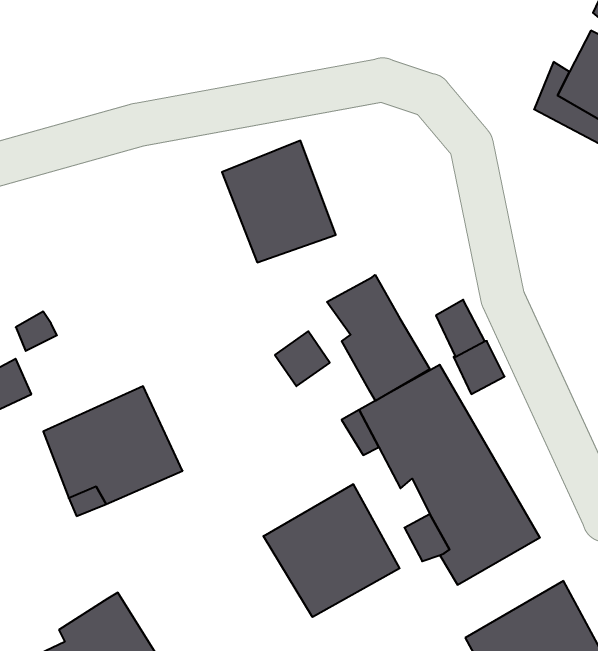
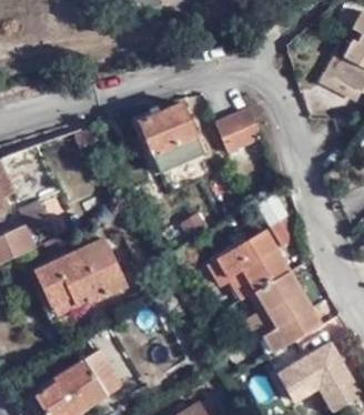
building: none -> [213,111,259,152]
building: [327,275,430,401] -> none
building: [263,484,400,617] -> none

